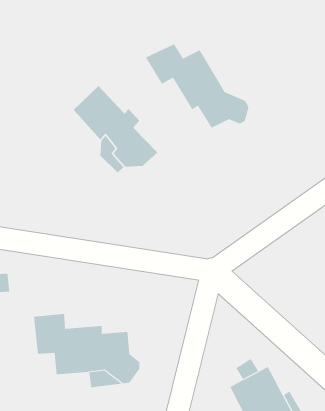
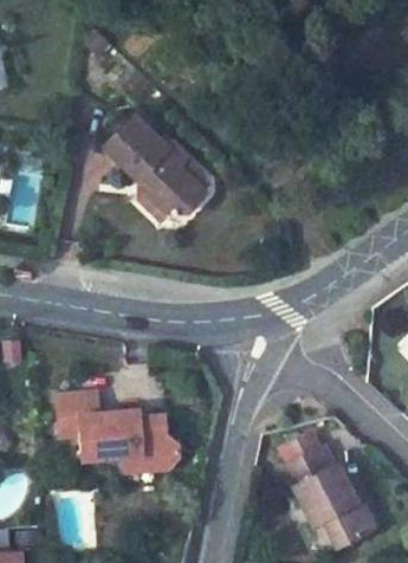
building: [145,43,249,129] -> none

